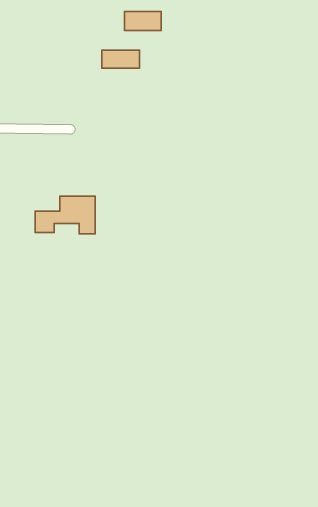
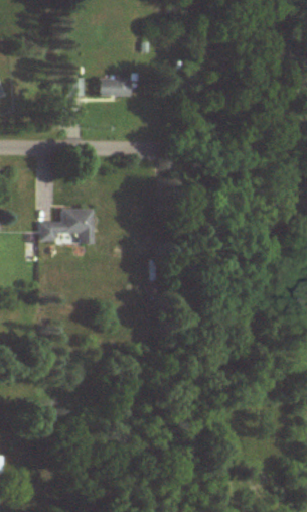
building: [125,12,161,30] -> none

